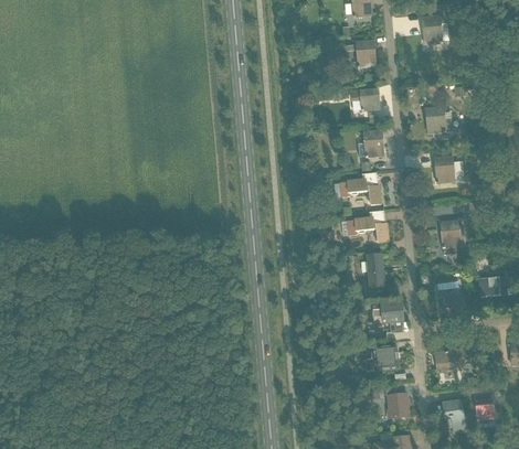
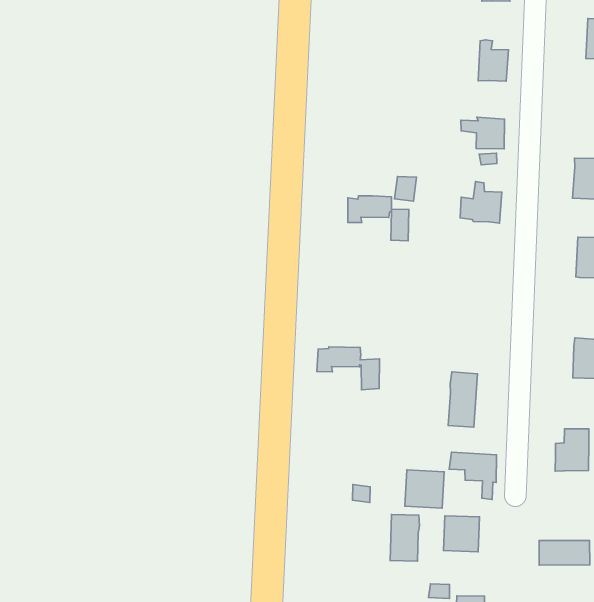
building: [339,178,381,205] -> [348,196,409,241]
building: [347,216,389,243] -> [317,347,380,390]
building: none -> [405,470,444,508]
building: none -> [390,514,419,561]

